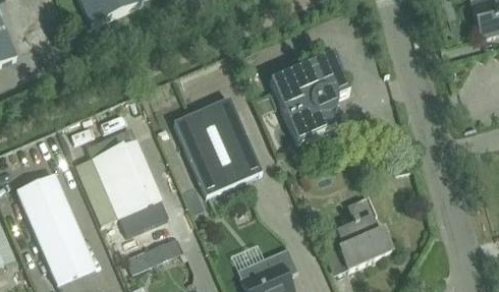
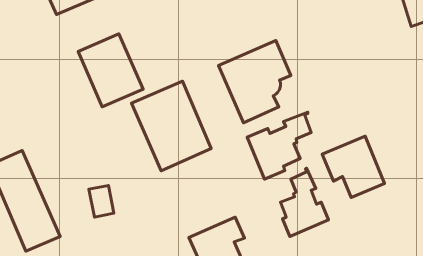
building: none -> [247,112,311,179]
building: [91,137,162,218] -> [78,34,143,107]
building: none -> [322,136,385,198]
building: [142,235,181,264] -> none

